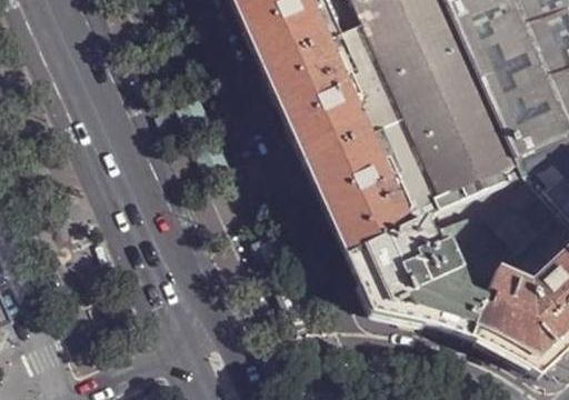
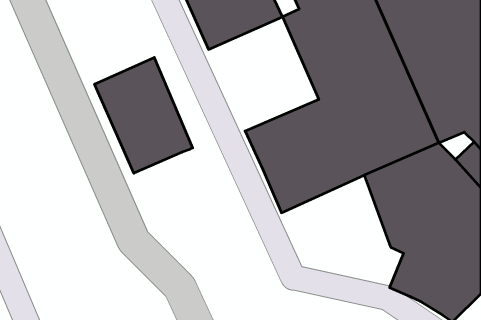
building: [260,21,385,150] -> none
building: none -> [95,57,193,173]
building: [342,200,480,327] -> none

